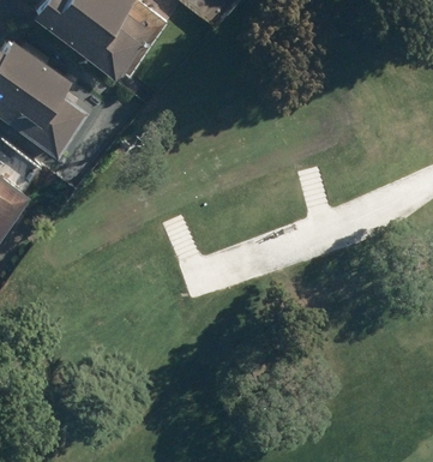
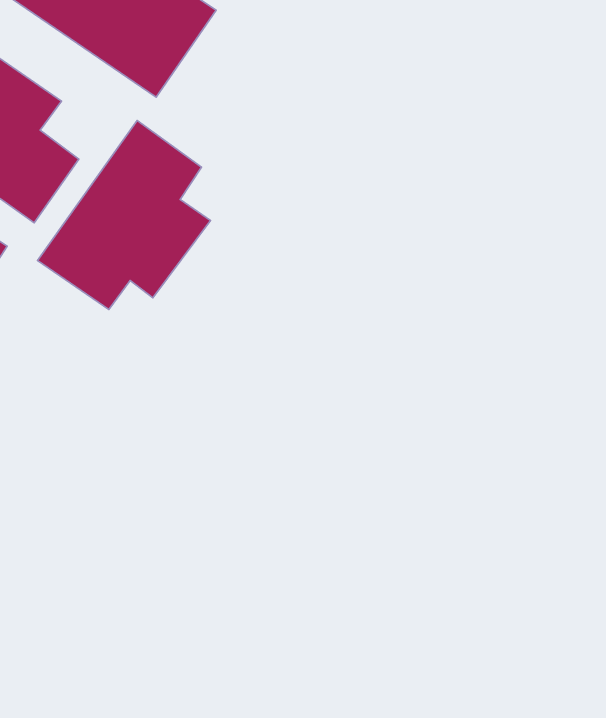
building: none -> [38,120,210,309]

